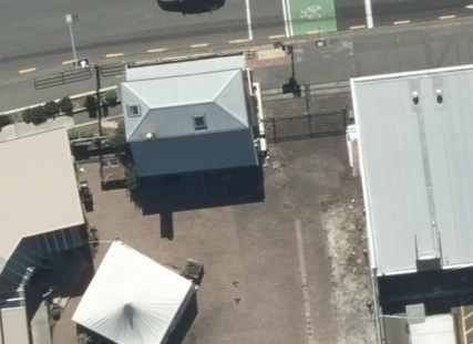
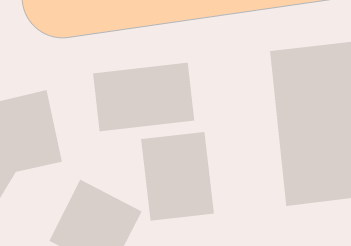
building: none -> [140,131,215,222]

